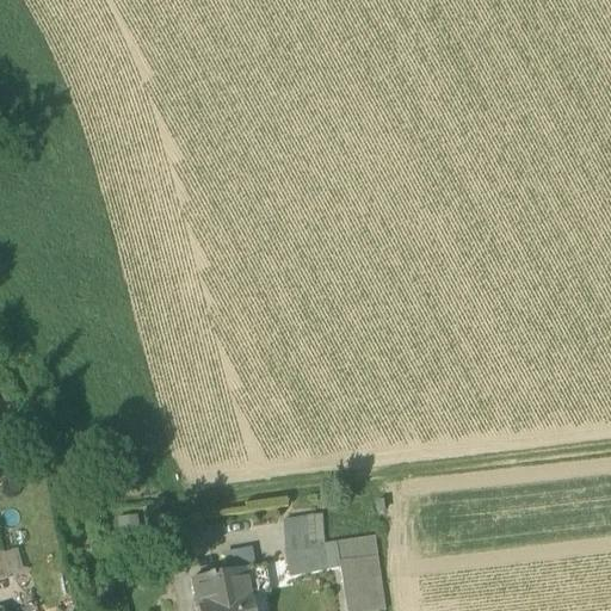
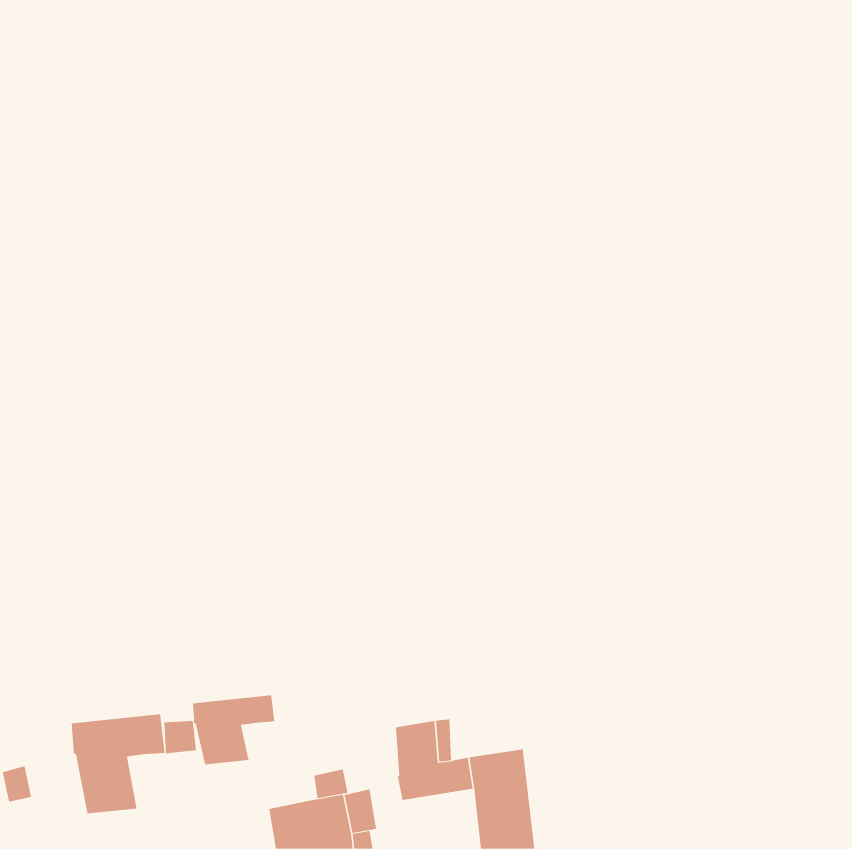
building: none -> [193,695,275,765]
building: none -> [71,713,165,814]

